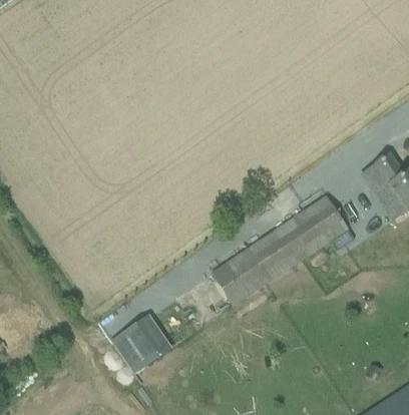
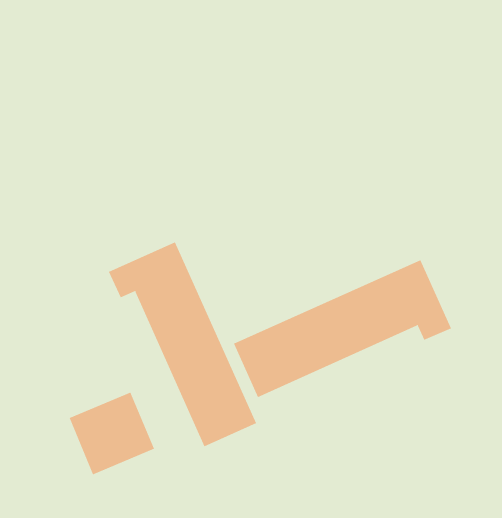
building: none -> [108,241,257,447]

